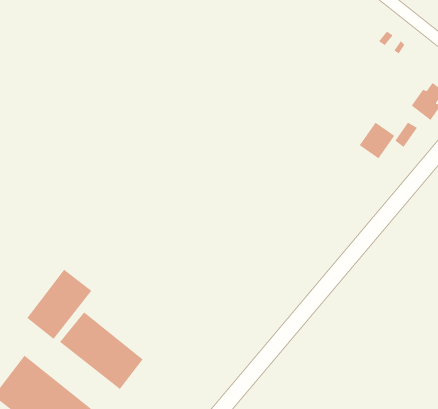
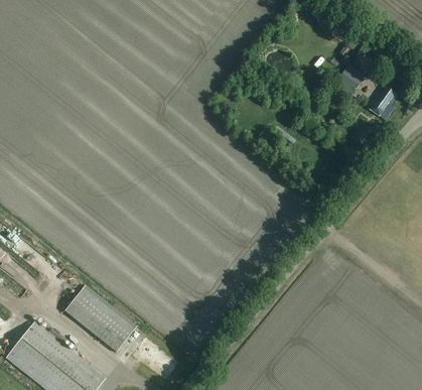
building: [359,122,395,159] -> [334,62,366,95]
building: [27,269,92,340] -> none

